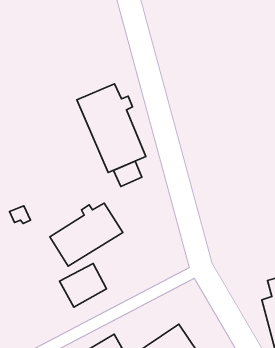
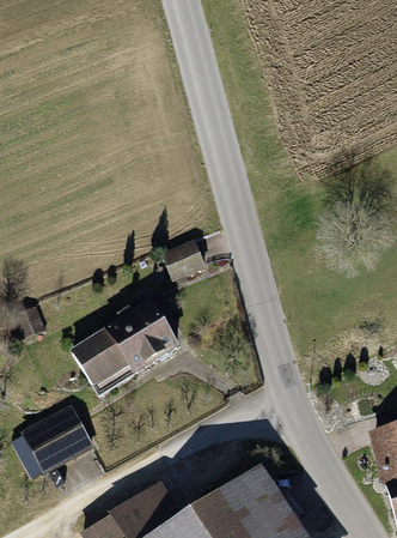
building: [77,84,146,173] -> none
building: [60,264,107,307] -> [24,409,91,471]

